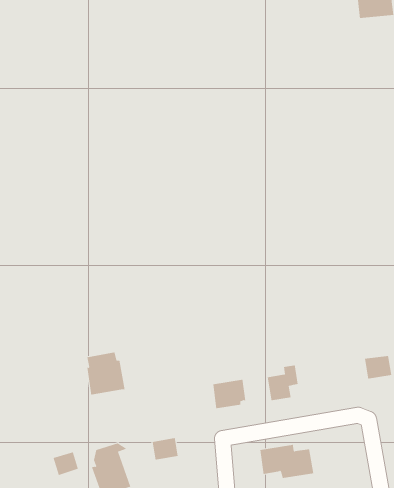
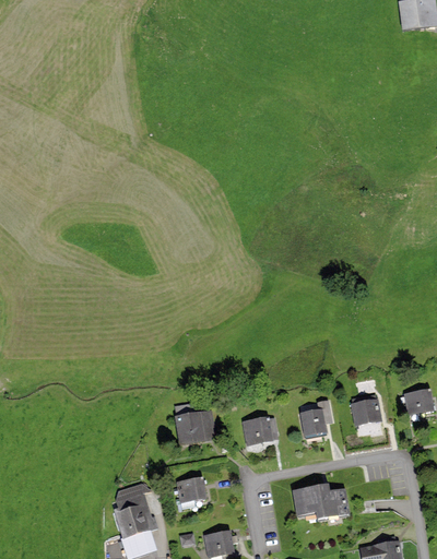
building: [86,352,125,395] -> [175,400,216,445]
building: none -> [352,400,380,425]
building: [53,452,79,476] -> none

